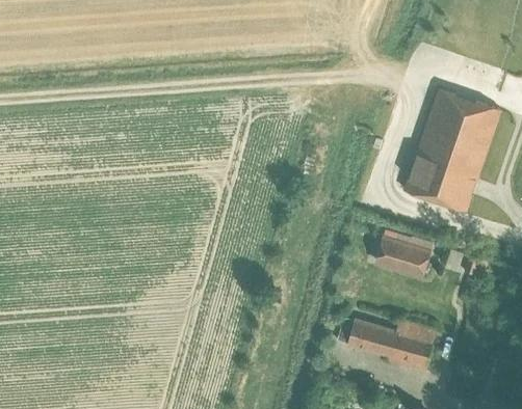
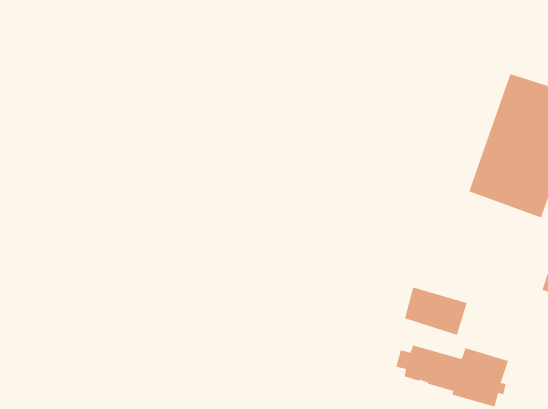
building: [375,236,429,277] -> [404,287,467,336]

